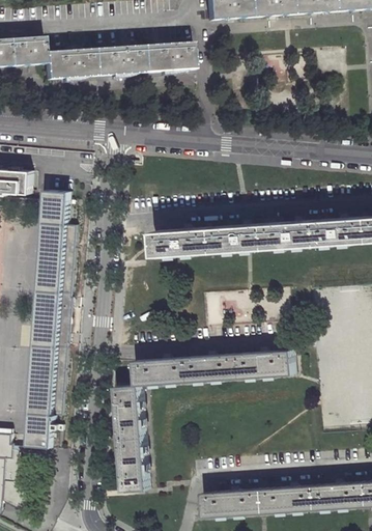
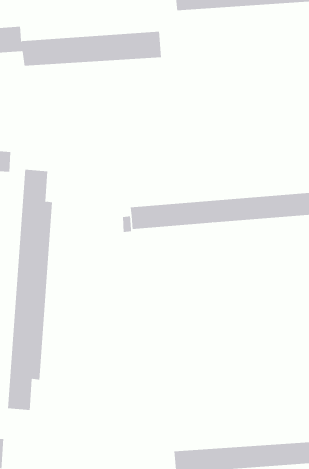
building: [116,350,292,491] -> none

